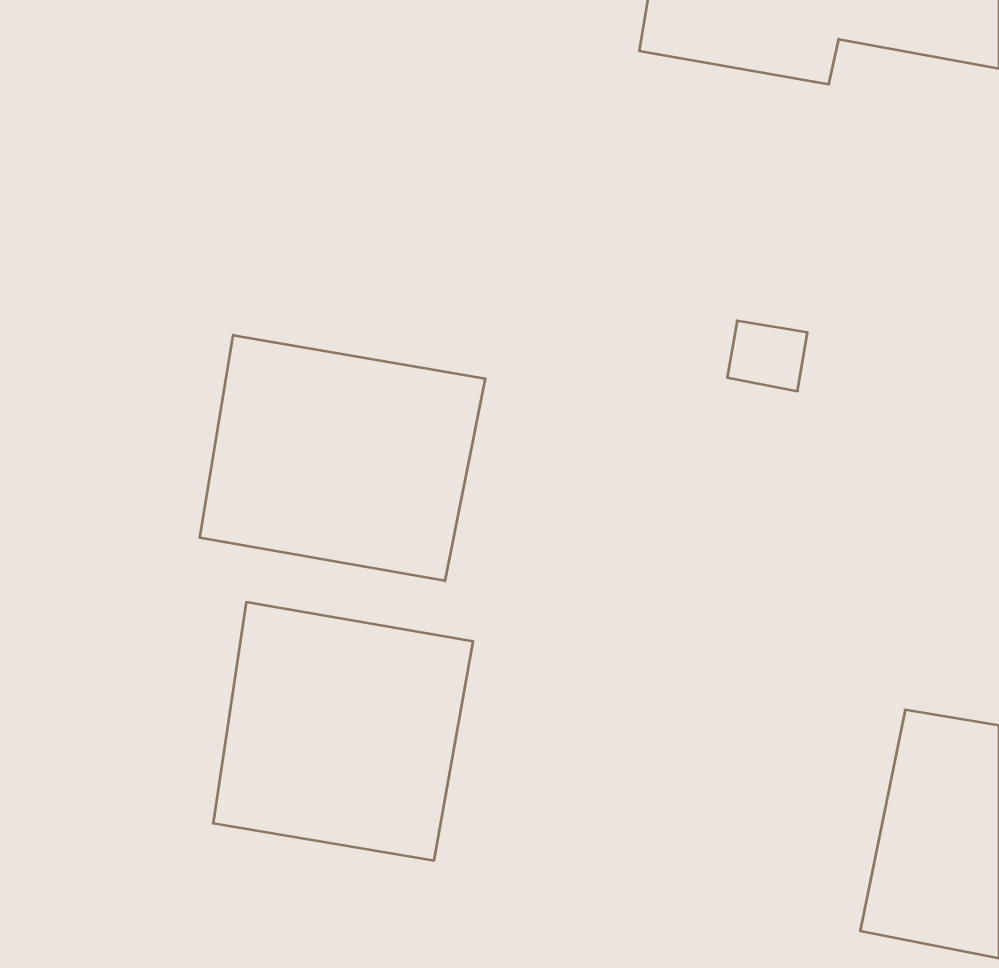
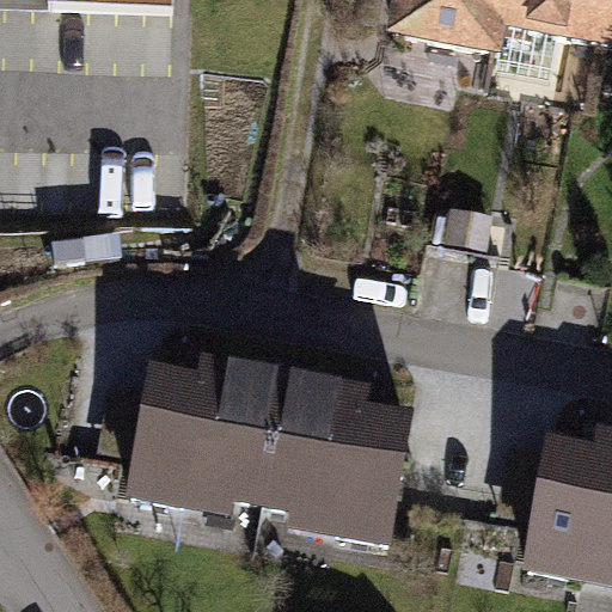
building: [200,335,485,581] -> none
building: none -> [265,392,410,545]

